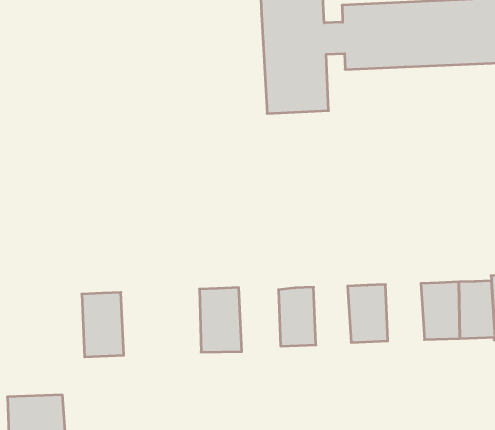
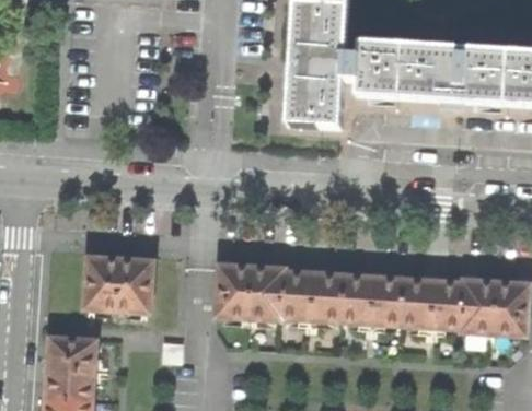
building: none -> [369,275,402,325]
building: none -> [246,265,282,319]
building: none -> [309,271,340,320]
building: none -> [82,254,118,308]

